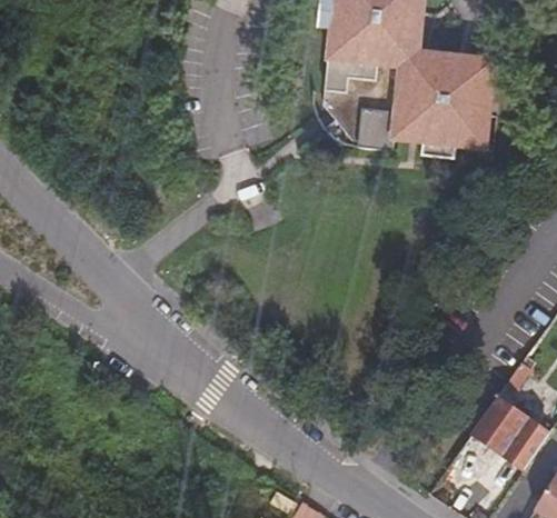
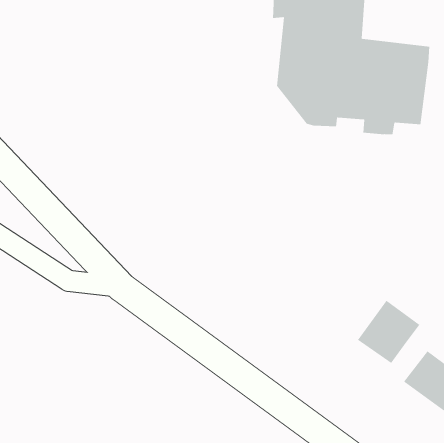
building: none -> [357,300,420,364]

